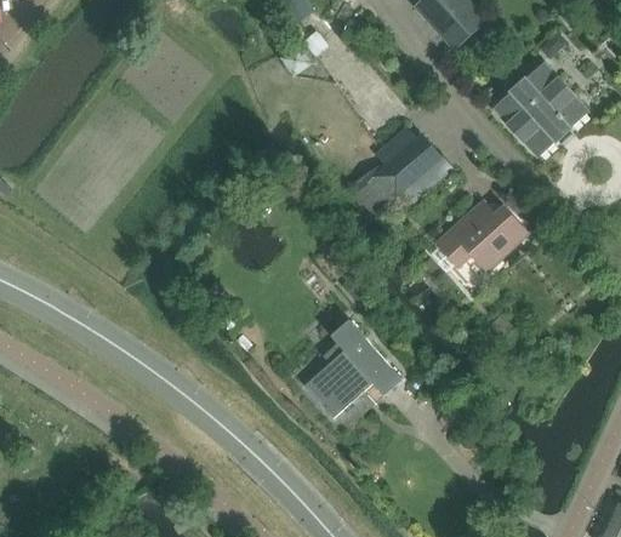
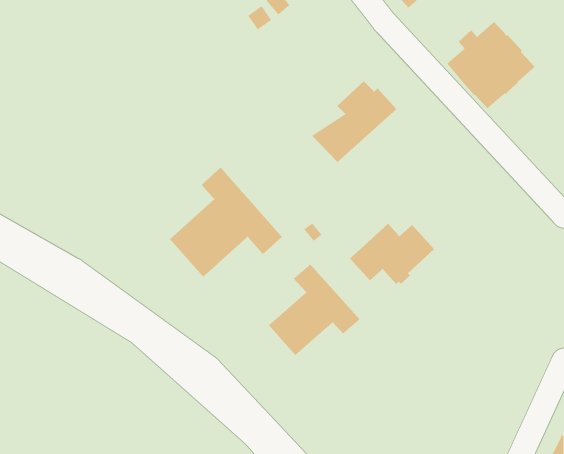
building: [437,205,528,270] -> [349,223,435,285]
building: none -> [169,167,283,277]

